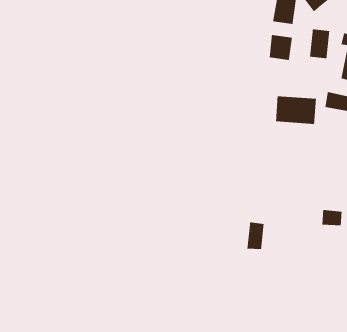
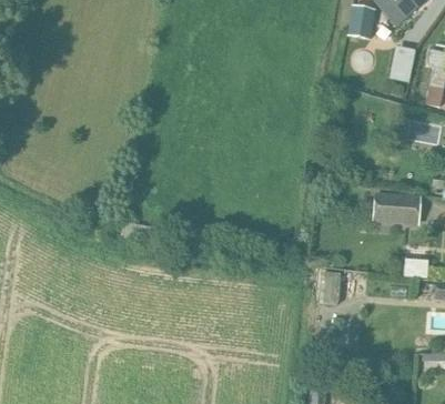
building: [269,34,293,61] -> none
building: [275,95,317,125] -> [373,192,422,226]

